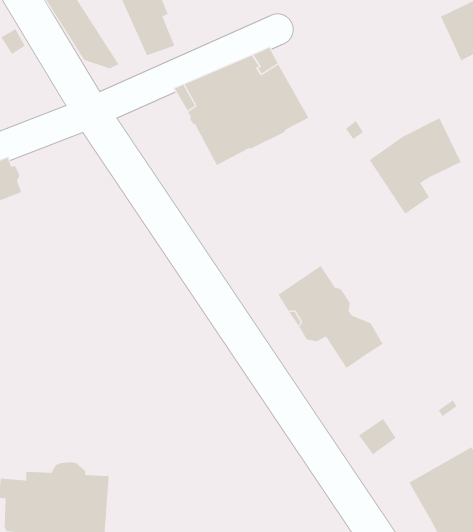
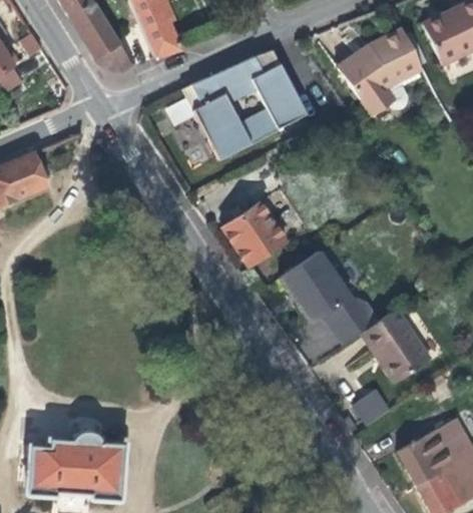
building: [369,117,462,215] -> [340,28,425,117]
building: none -> [220,201,285,266]
building: none -> [358,310,427,384]

